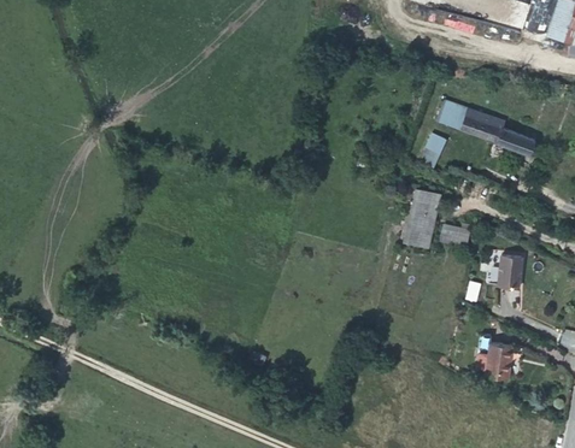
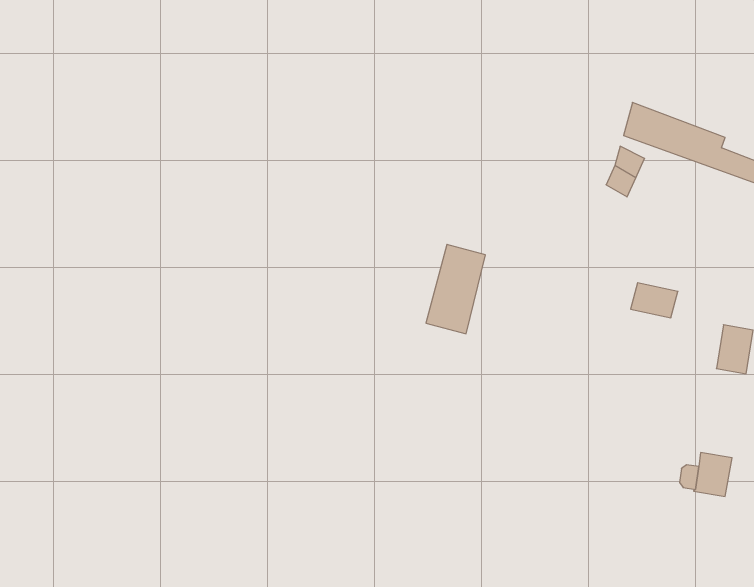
building: [400,187,441,248] -> [426,244,485,334]

